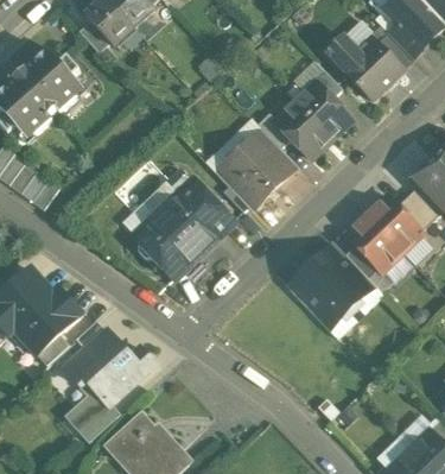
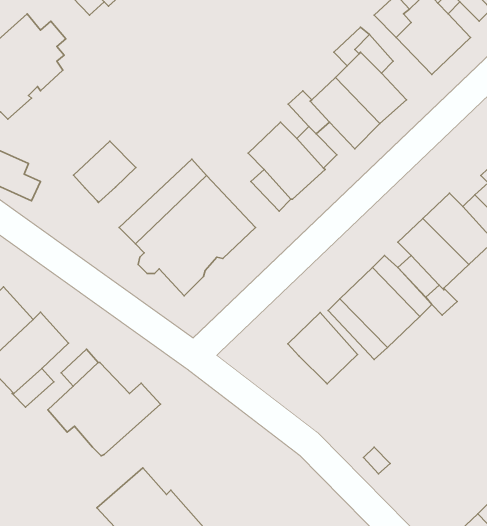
building: none -> [73,141,136,203]
building: none -> [288,313,357,384]
building: [72,397,120,442] -> none

